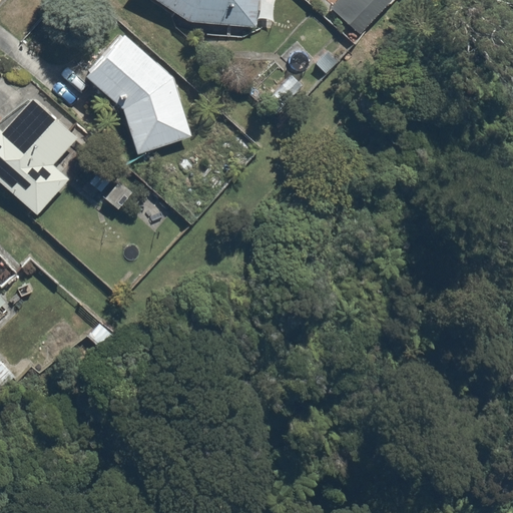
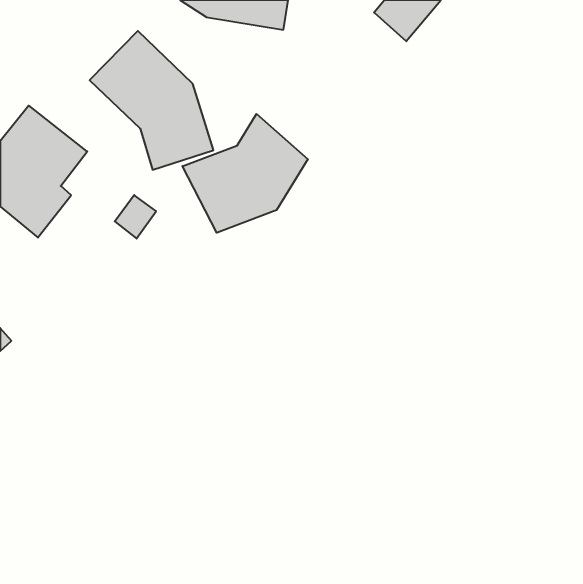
building: none -> [182,114,308,233]

